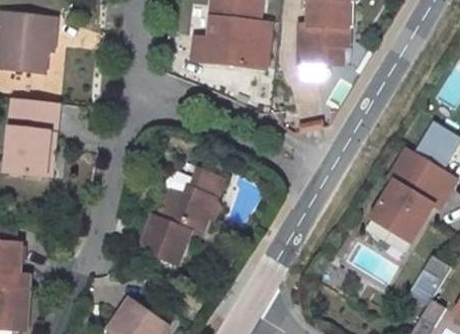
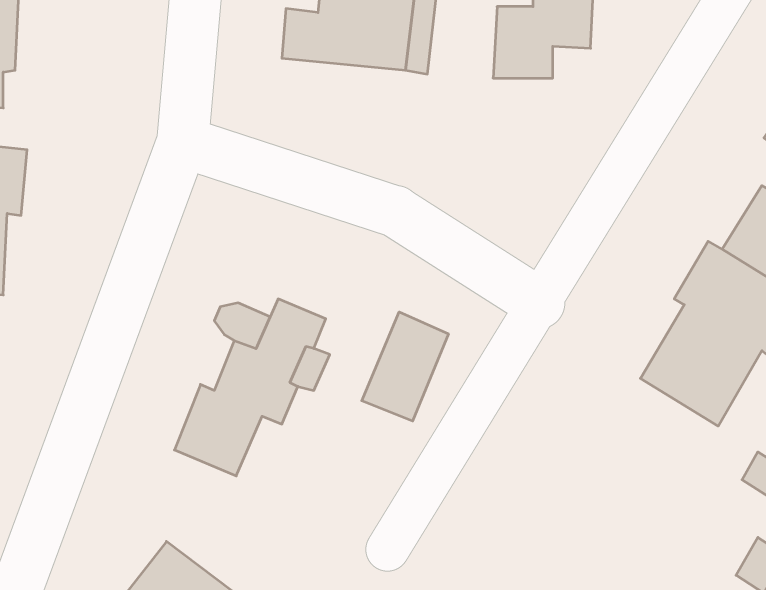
building: none -> [362,312,448,421]

